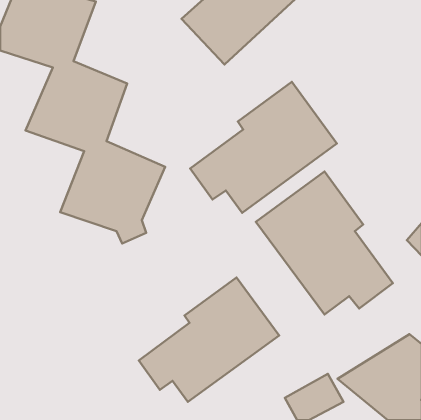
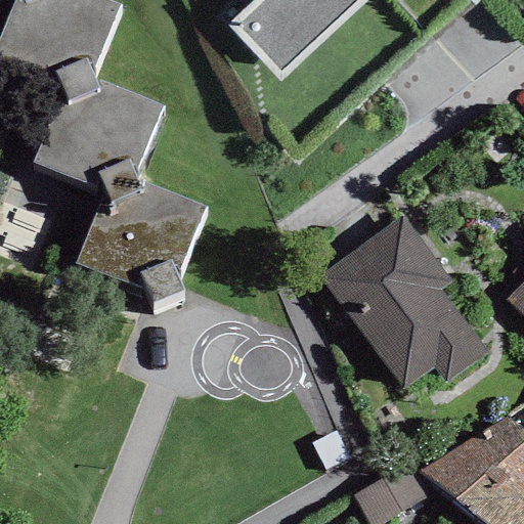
building: [190,82,337,213] -> none
building: [139,277,279,402] -> none

